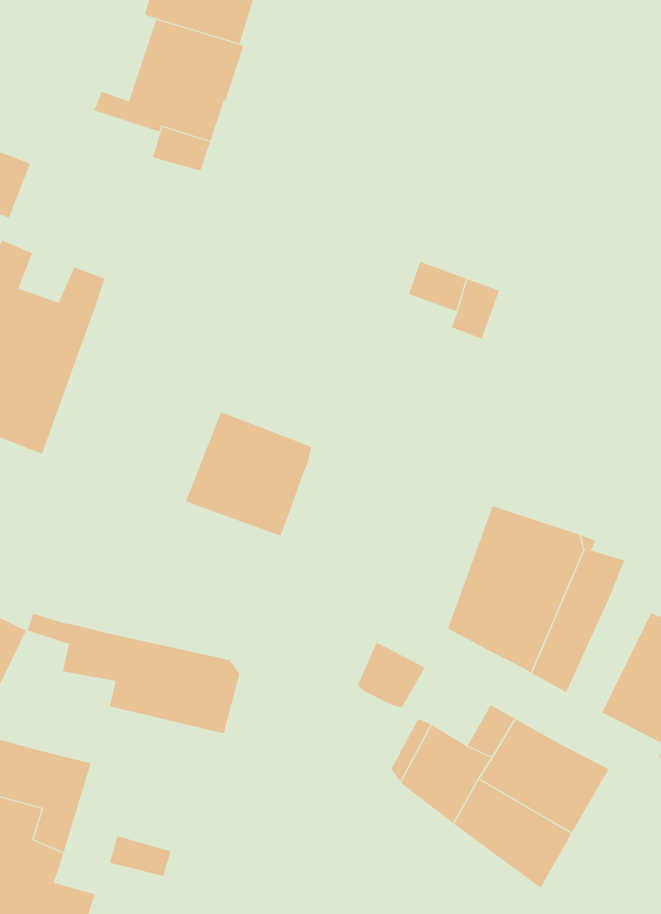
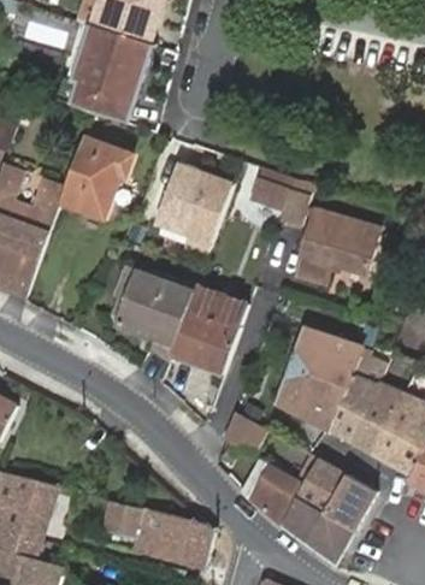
building: none -> [60,138,131,218]
building: none -> [158,165,231,240]
building: none -> [295,209,382,284]
building: none -> [170,285,247,373]
building: none -> [349,383,401,455]
building: [27,613,240,734] -> [81,494,212,568]

